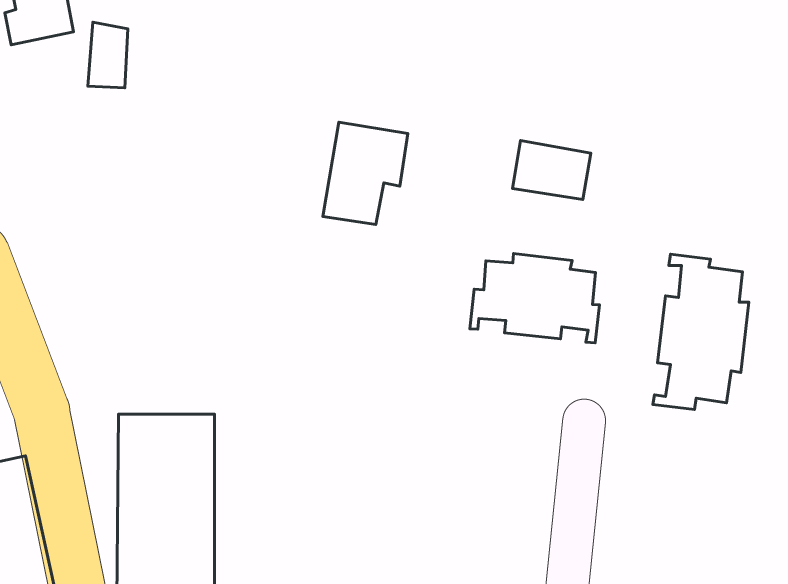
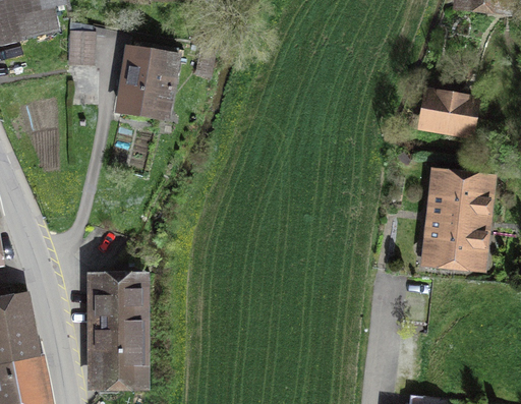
building: [323,122,408,225] -> [123,47,177,112]
building: [512,140,591,200] -> [423,95,473,132]
building: [470,254,599,343] -> none

